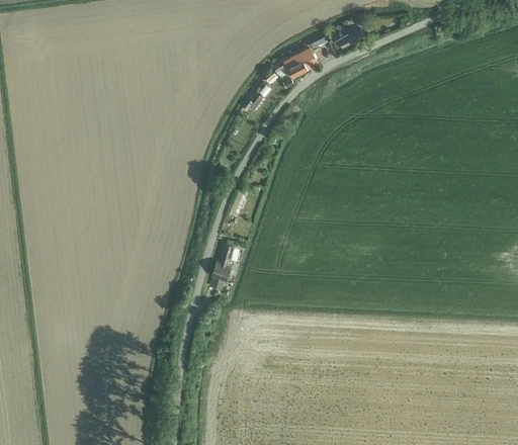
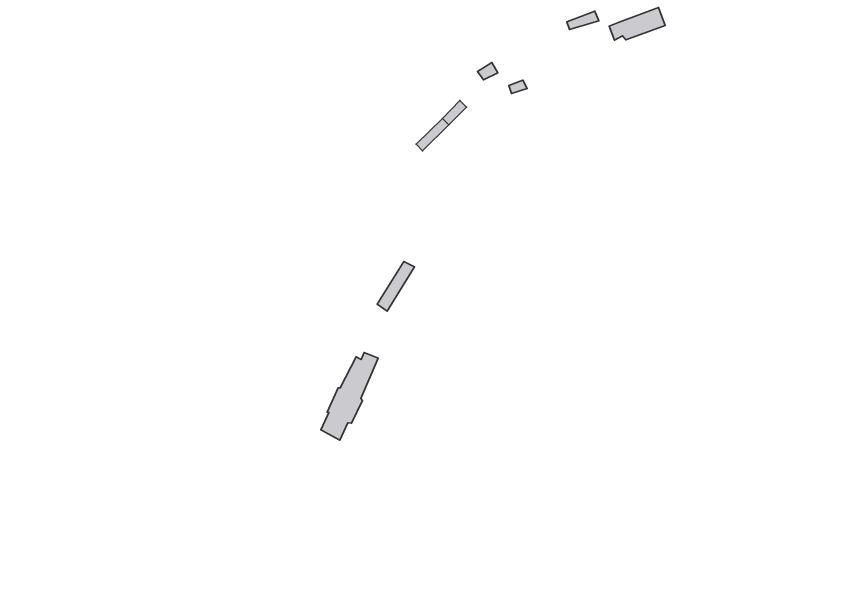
building: [282,46,318,77] -> none

